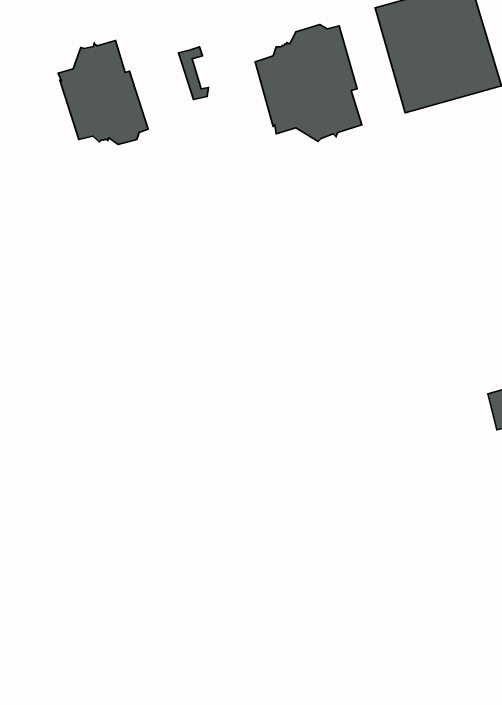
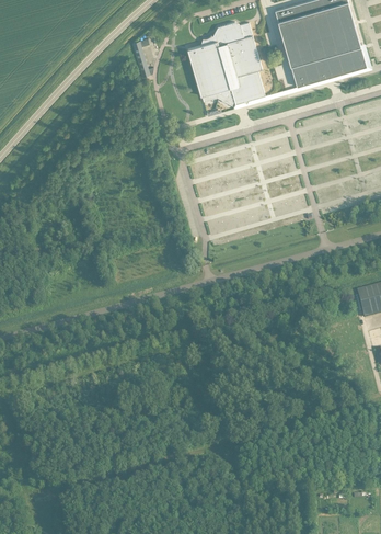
building: [58,41,148,145] -> none

